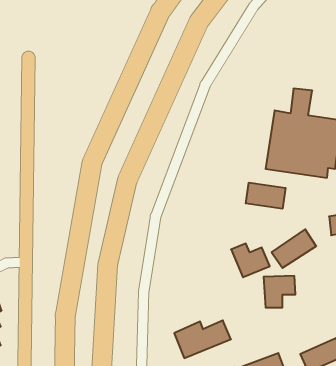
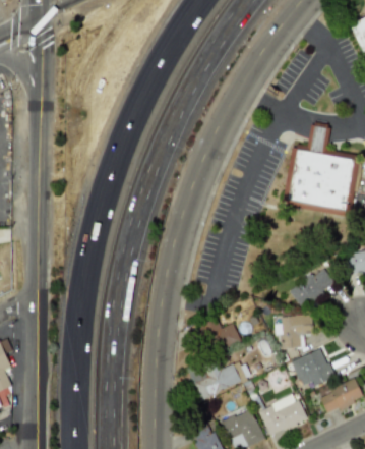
building: [246,183,286,209] -> none
building: [231,244,270,277] -> [201,318,241,352]
building: none -> [293,348,333,390]

